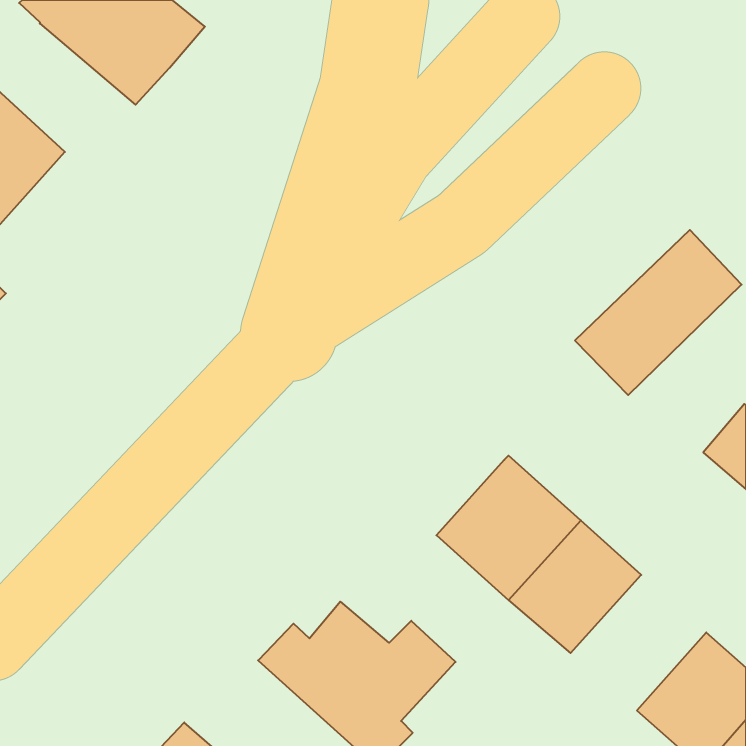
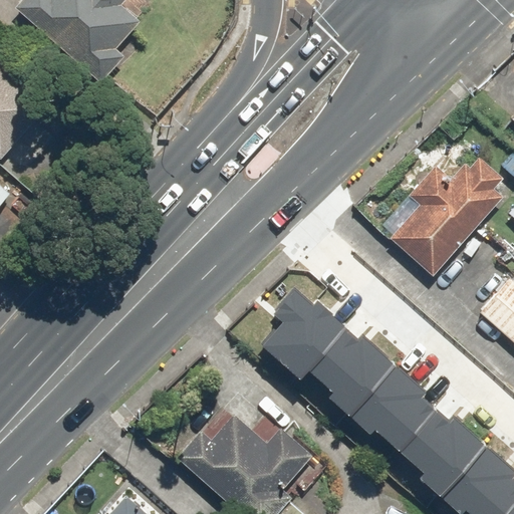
building: none -> [255,271,343,373]
building: none -> [389,397,481,489]

